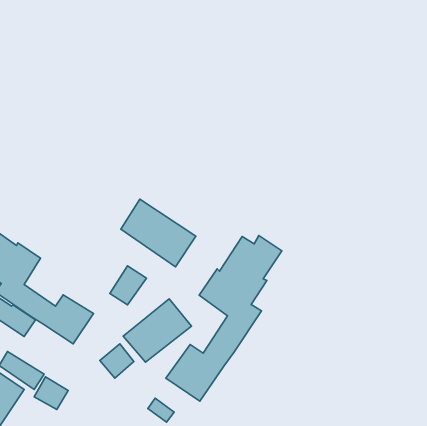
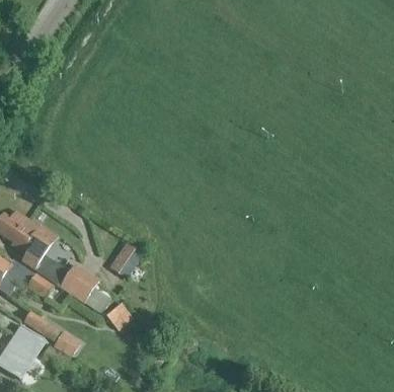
building: [121,199,196,267] -> none
building: [166,236,282,401] -> none
building: [123,299,191,362] -> none

